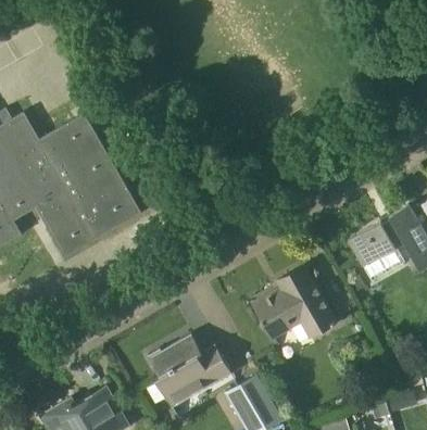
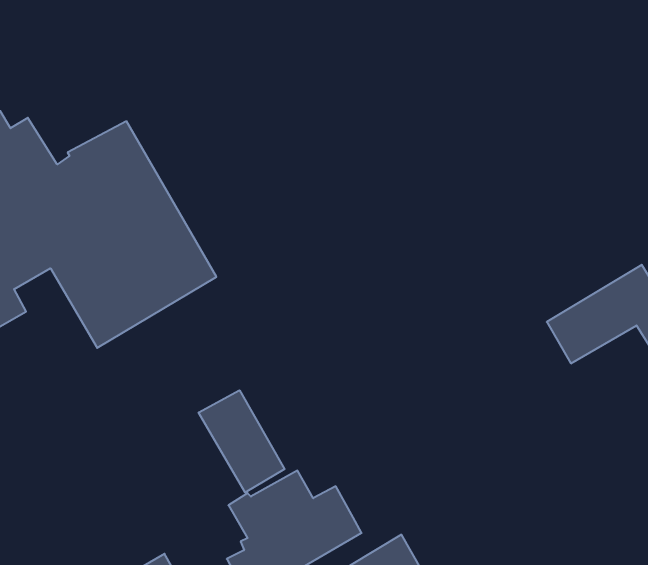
building: [252,265,337,339] -> none
building: none -> [199,390,285,492]

